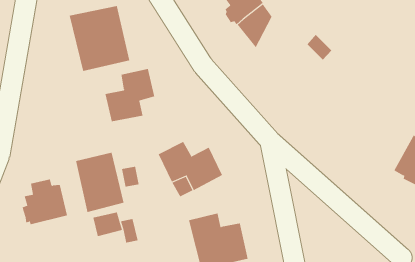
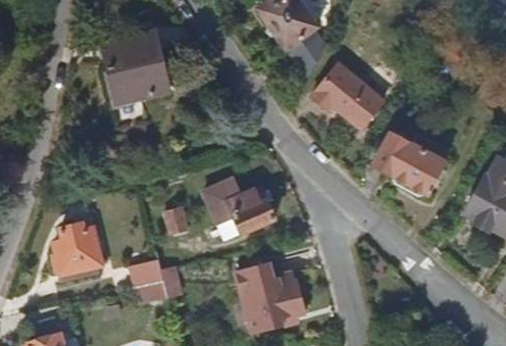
building: none -> [312,63,383,128]
building: [105,68,155,122] -> none
building: none -> [373,132,451,195]
building: [75,152,124,213] -> none

